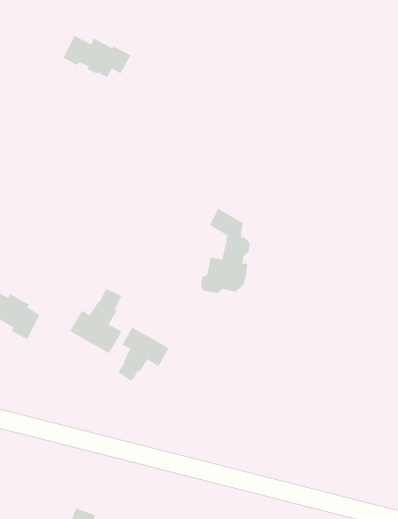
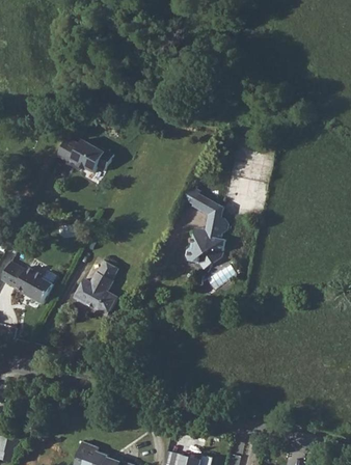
building: [63,35,131,78] -> [58,132,114,167]
building: [118,327,169,382] -> none

